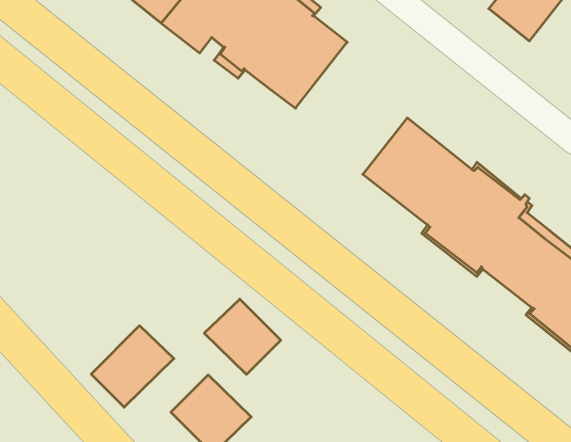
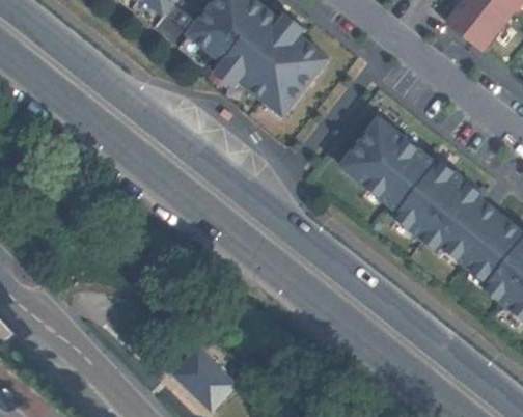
building: [204,299,281,374] -> none
building: [91,326,174,407] -> none

